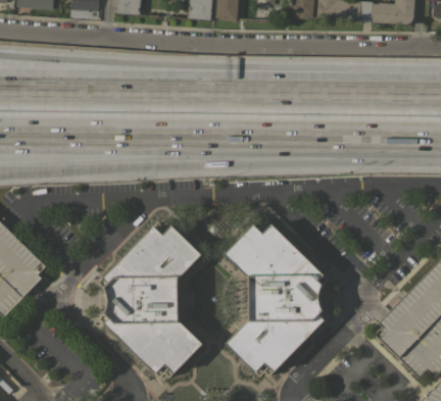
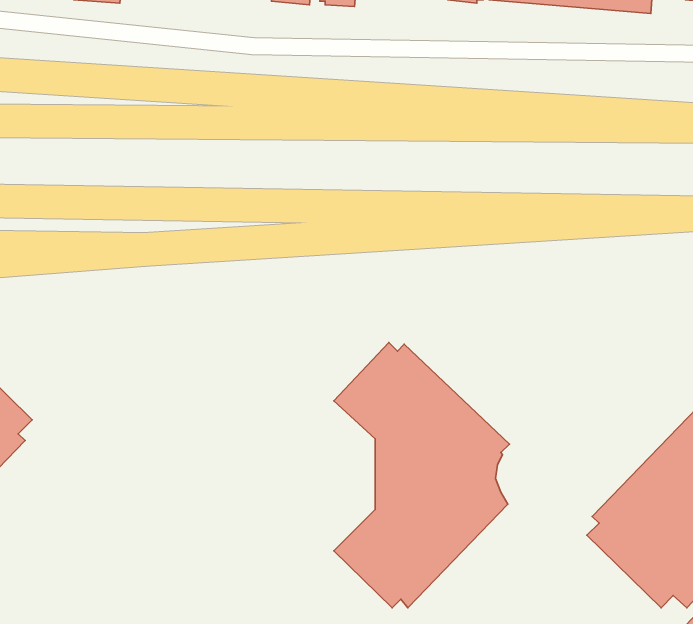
building: [99,222,202,379] -> none

